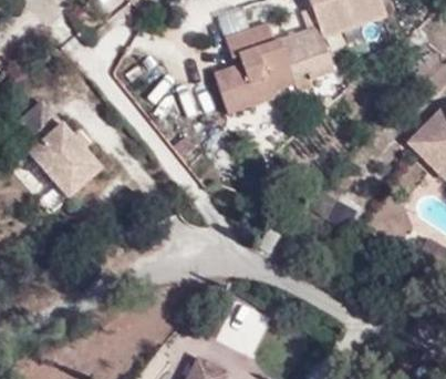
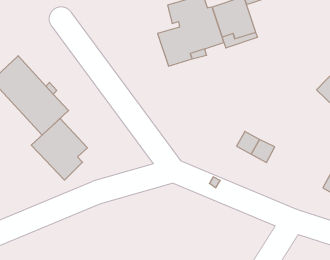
building: none -> [31,119,87,180]

